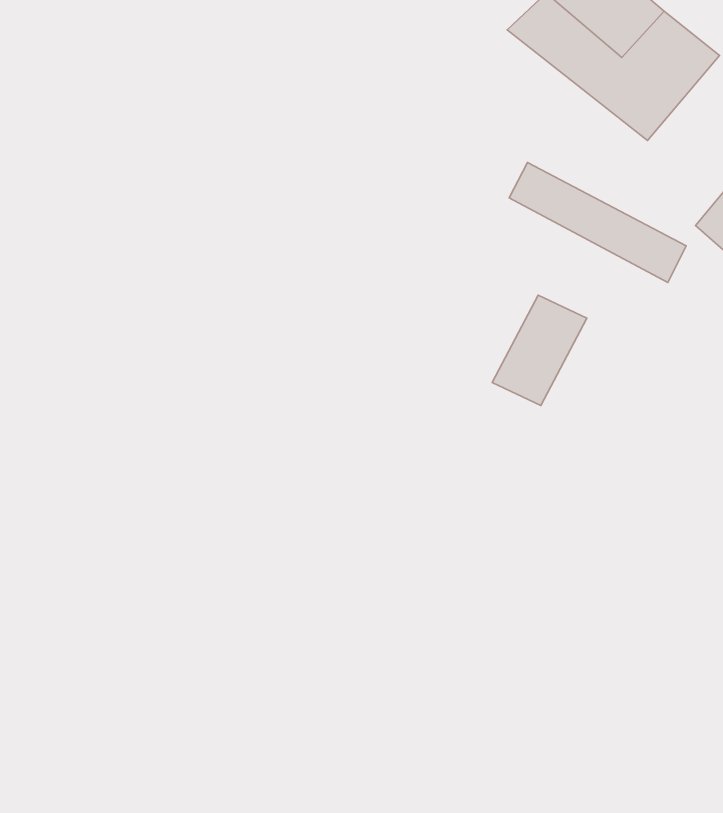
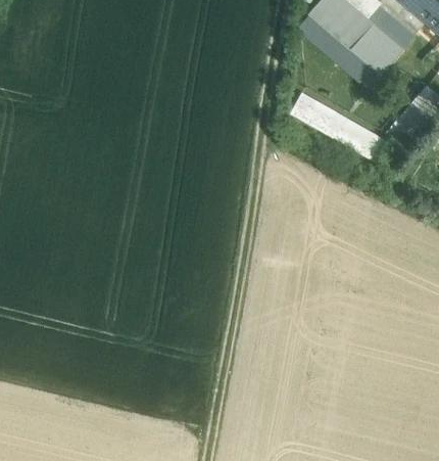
building: [492,295,587,406] -> none

